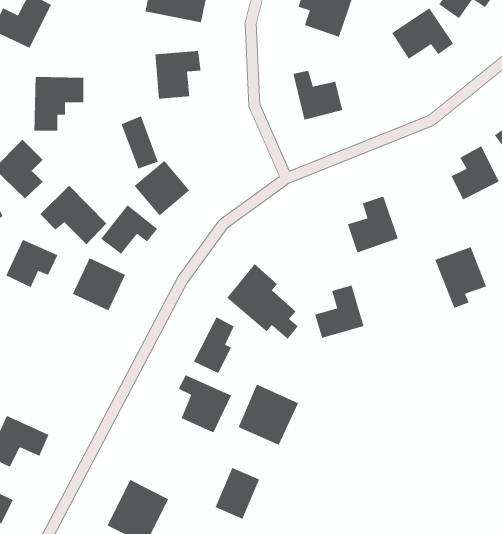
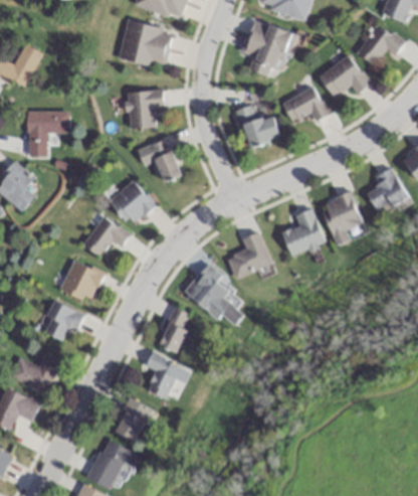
building: none -> [282,86,330,122]
building: [121,115,159,169] -> [150,139,181,183]
building: [40,185,107,245] -> none
building: [5,239,58,288] -> [41,301,84,341]
building: [434,246,487,309] -> [322,192,365,243]
building: [314,284,365,339] -> [229,232,270,277]
building: none -> [10,355,59,393]
building: [237,384,299,446] -> none
building: [214,467,260,520] -> [115,398,152,442]

